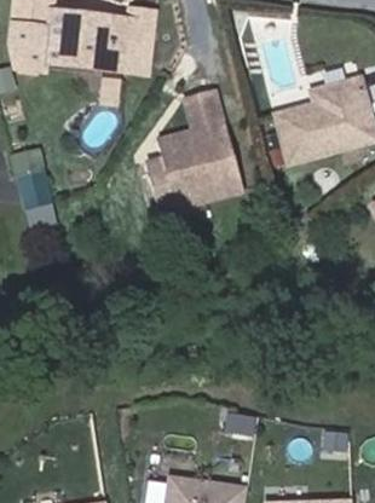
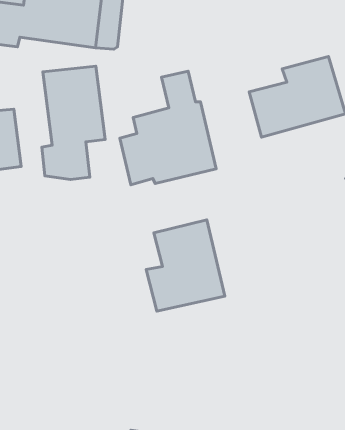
building: none -> [42,66,105,179]
building: none -> [146,220,225,311]

